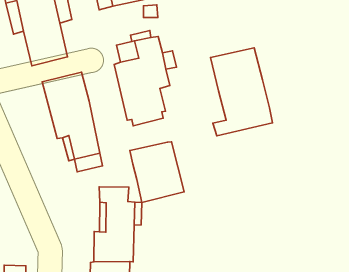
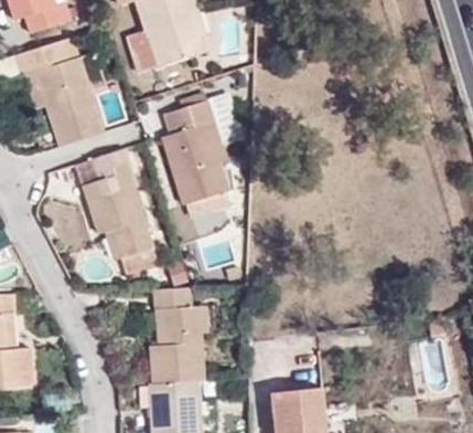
building: [210,48,272,136] -> none
building: [130,142,184,203] -> none

